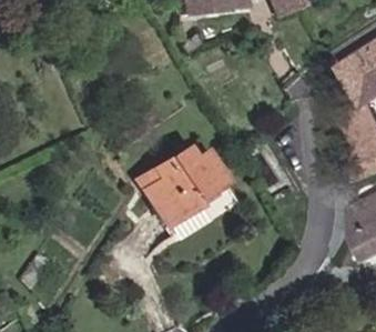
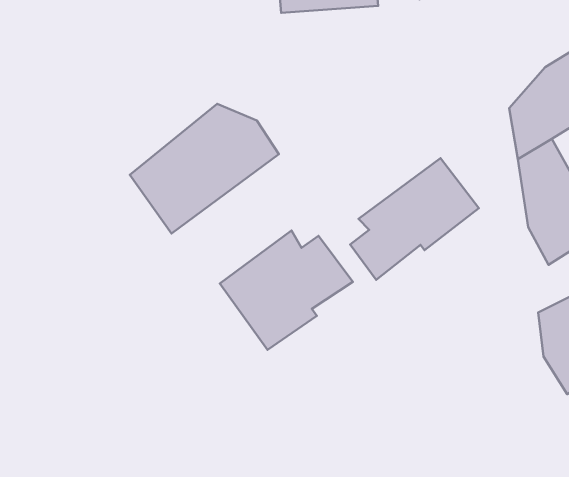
building: none -> [130,104,279,233]
building: none -> [350,158,479,280]

